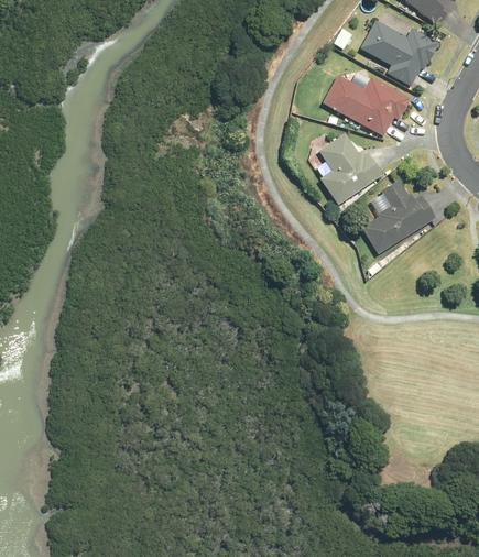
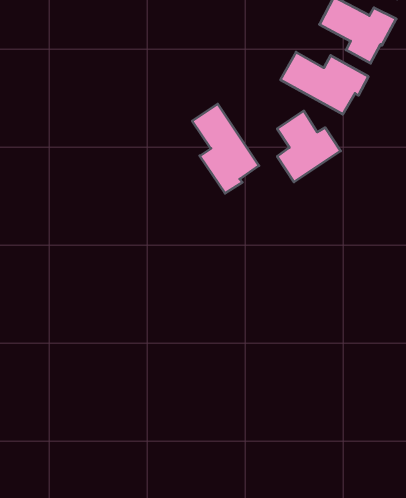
building: none -> [192,104,259,193]
building: [361,179,435,252] -> none

